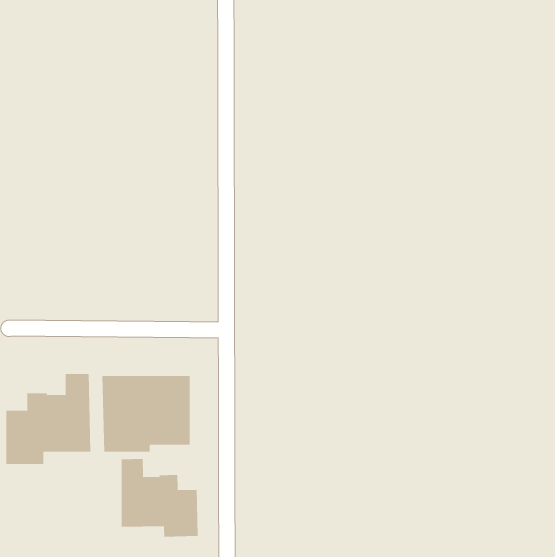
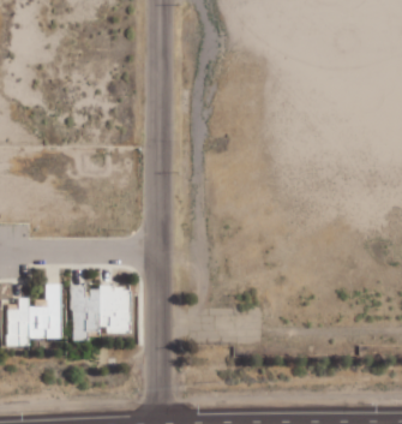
building: [121,458,198,537] -> none

